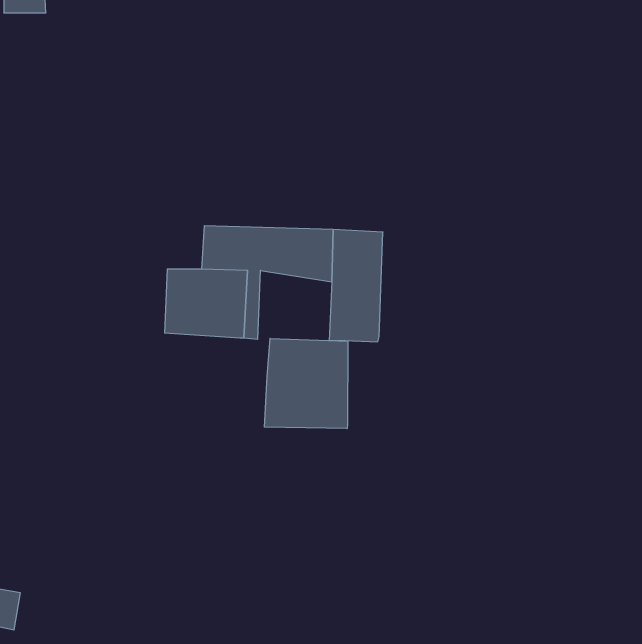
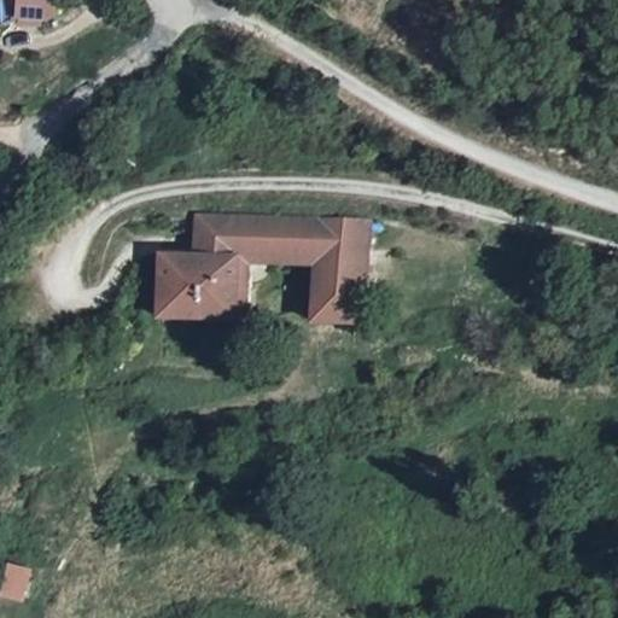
building: [265,338,348,429] -> none

